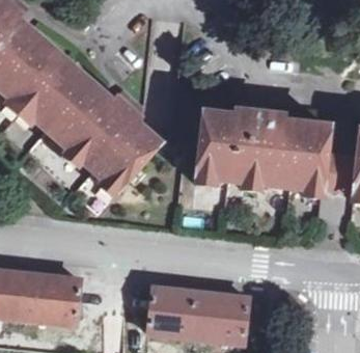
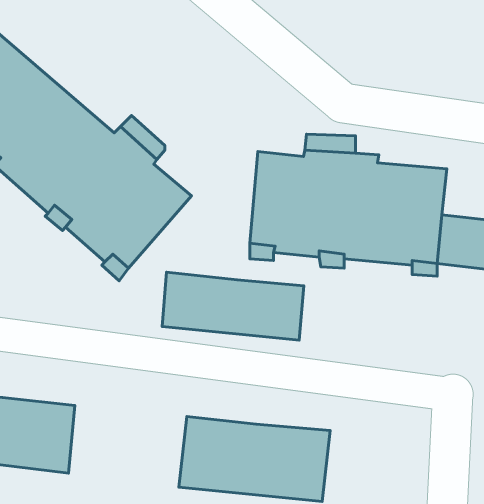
building: none -> [162,272,304,340]

